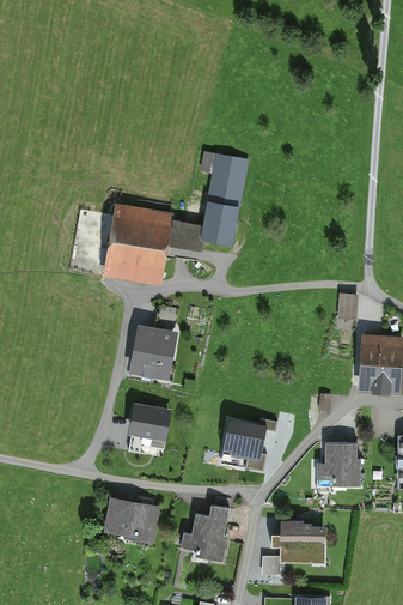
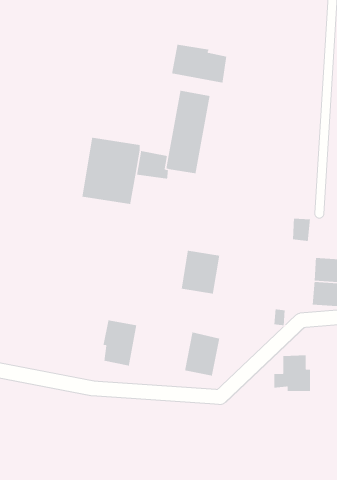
building: none -> [171,44,227,83]
building: [132,327,175,376] -> [181,250,220,295]
building: [108,500,157,538] -> none
building: [183,507,227,559] -> none
building: [262,521,325,574] -> none

